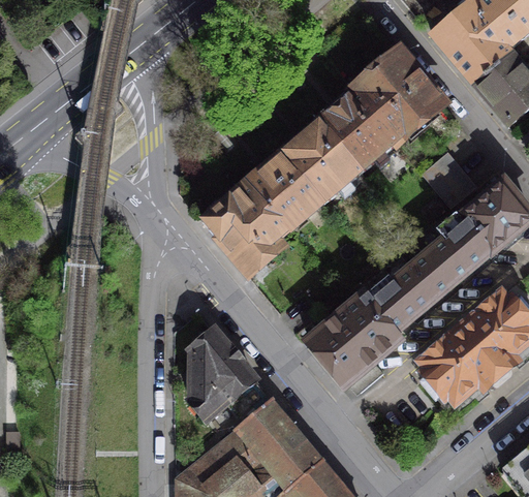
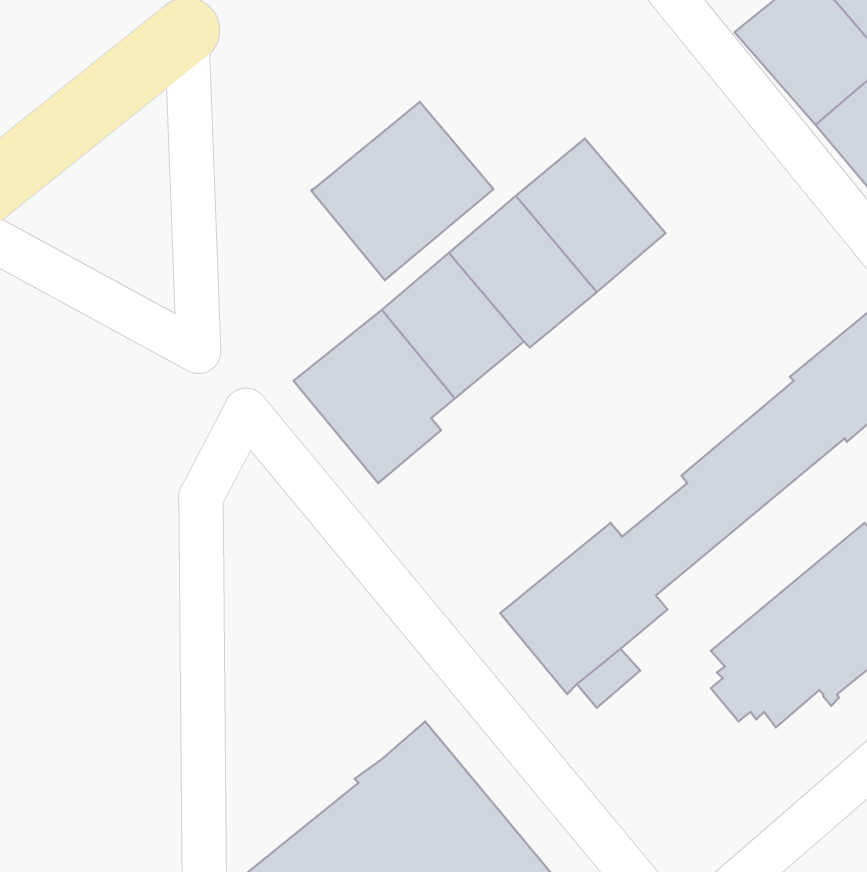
building: [353,51,443,142] -> none
building: none -> [311,102,494,280]
building: [422,153,473,206] -> none
building: [191,330,271,417] -> none

